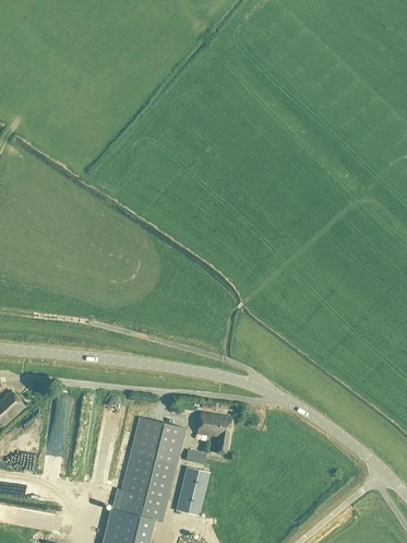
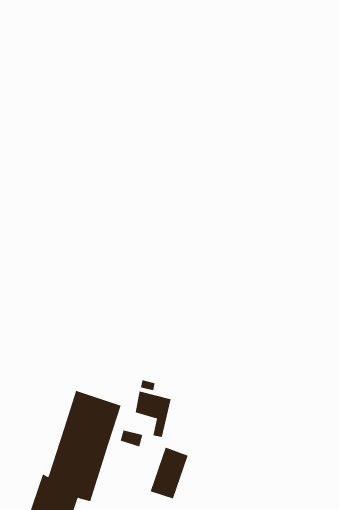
building: [175,467,208,516] -> [150,447,188,499]

